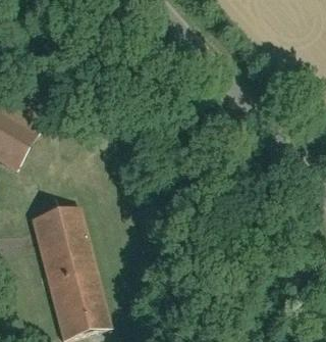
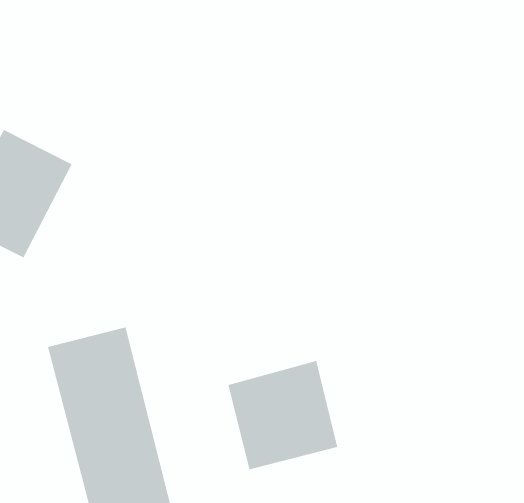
building: none -> [228,360,338,470]

